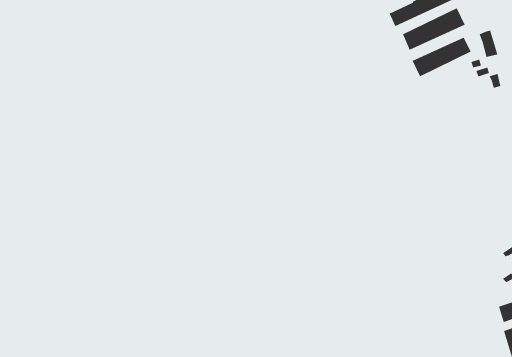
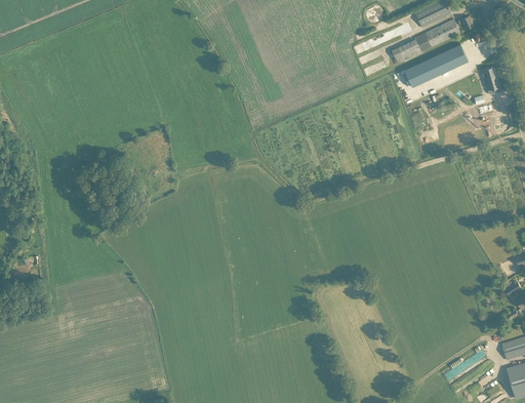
building: [412,37,471,77] -> none

